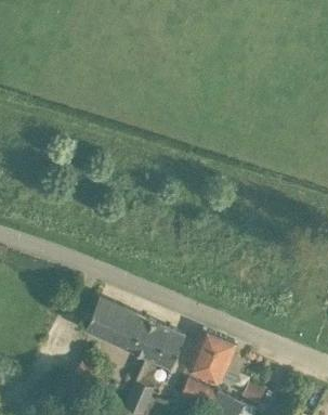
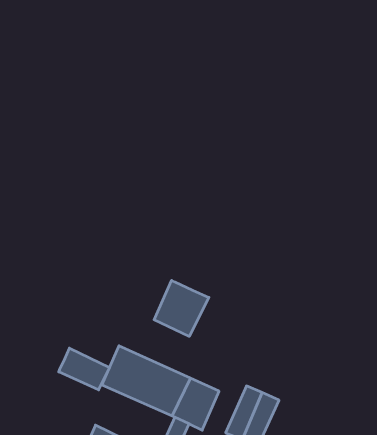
building: none -> [154,280,209,336]
building: none -> [59,348,109,390]

